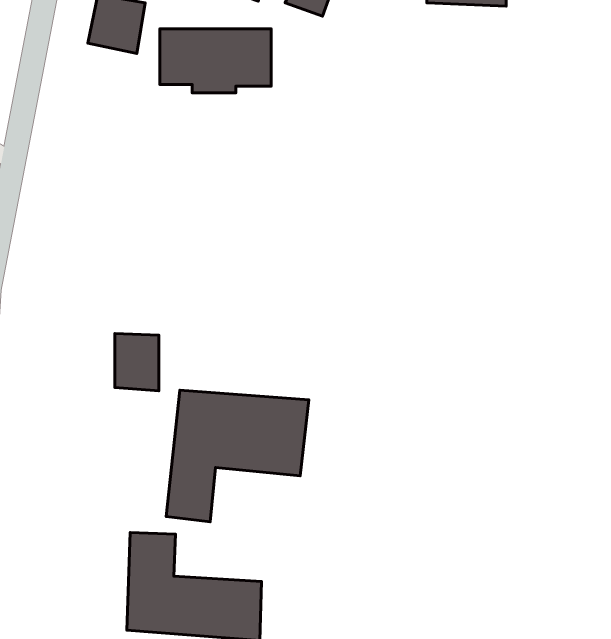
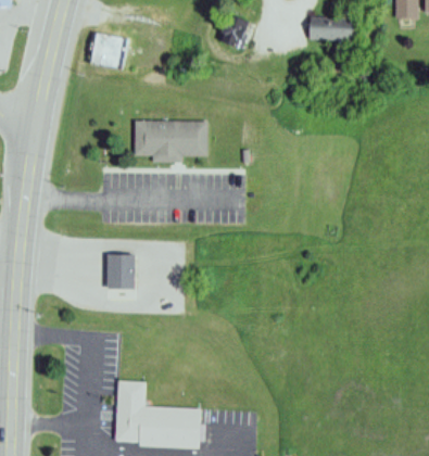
building: [160,29,271,93] -> [133,119,204,161]
building: [166,390,309,522] -> none

